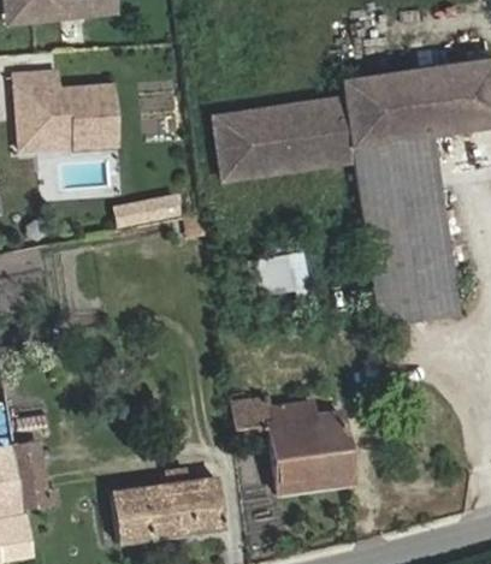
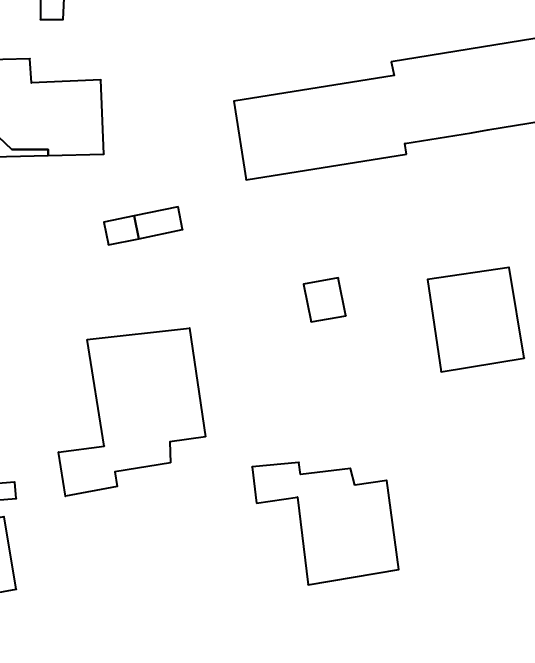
building: [356,133,439,253] -> none
building: none -> [59,328,205,496]
building: [111,476,225,544] -> none

